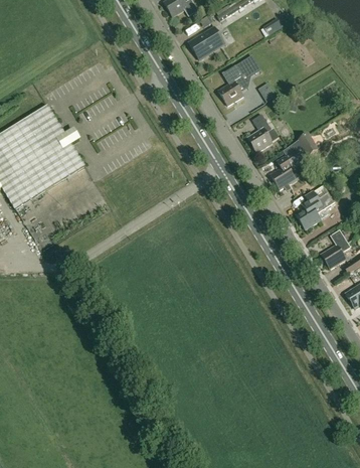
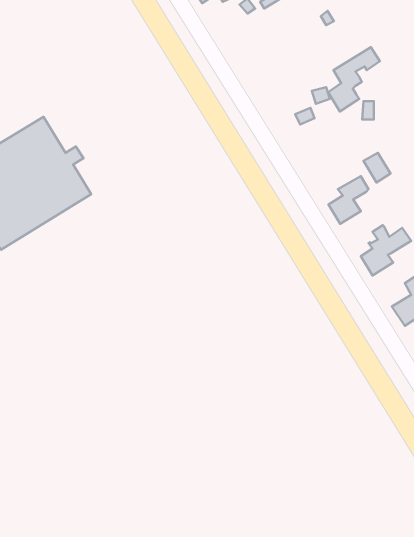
building: [189,28,226,59] -> none
building: [218,55,258,106] -> [328,47,380,112]
building: [247,114,279,153] -> none

